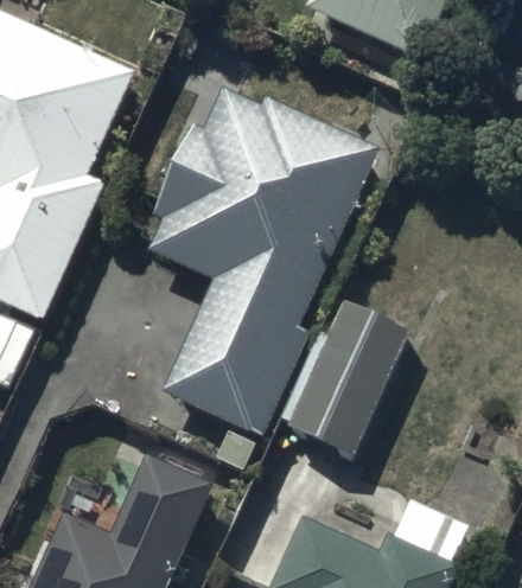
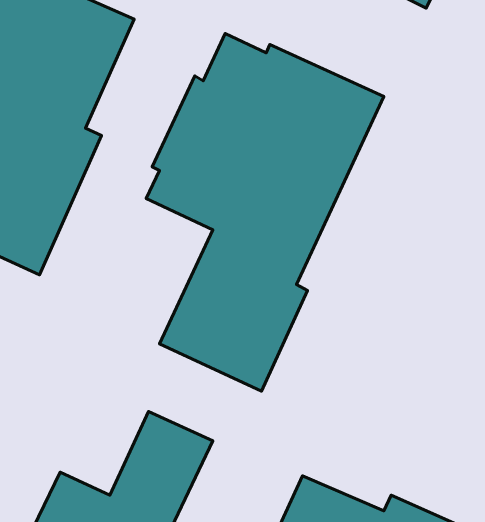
building: [287,299,410,458] -> none

